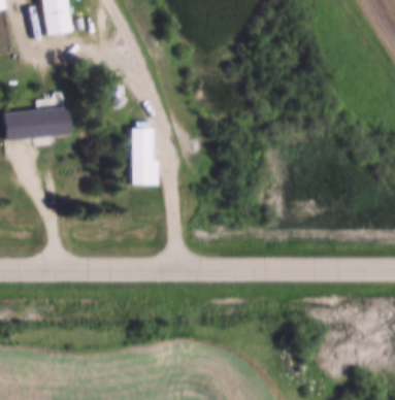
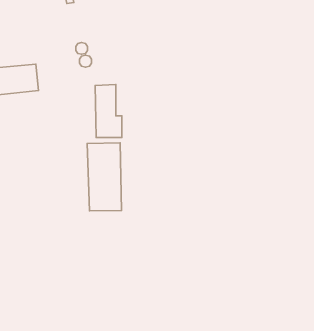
building: none -> [87,143,121,211]

